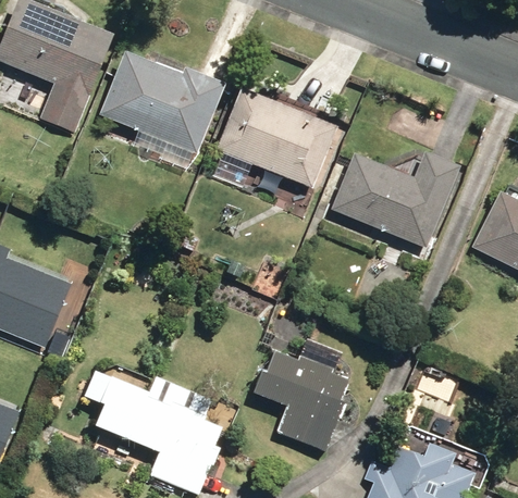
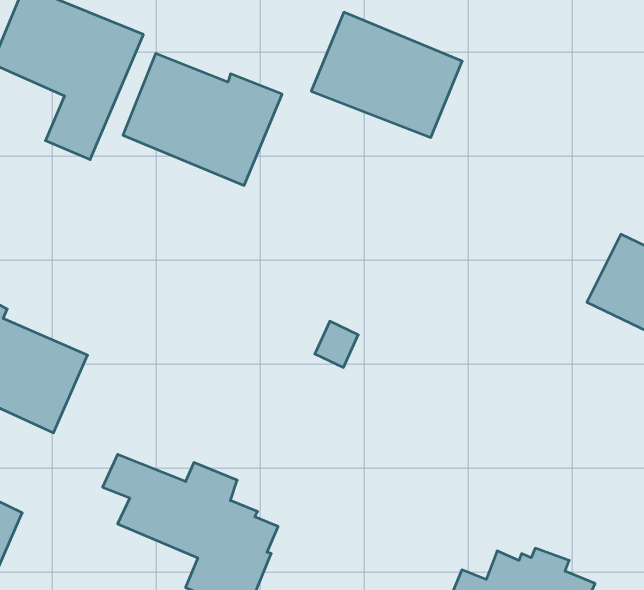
building: [217,87,337,187] -> [311,12,462,137]
building: [333,150,462,247] -> none
building: [252,349,350,453] -> none

